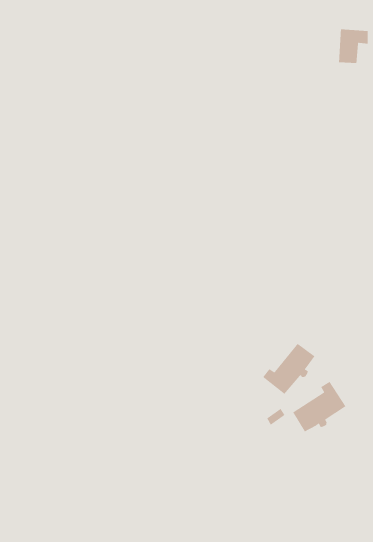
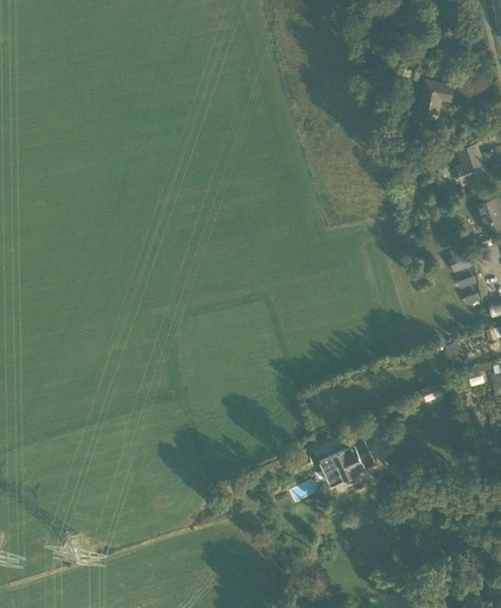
building: [262,343,315,395] -> none

